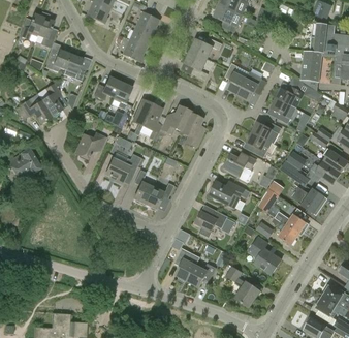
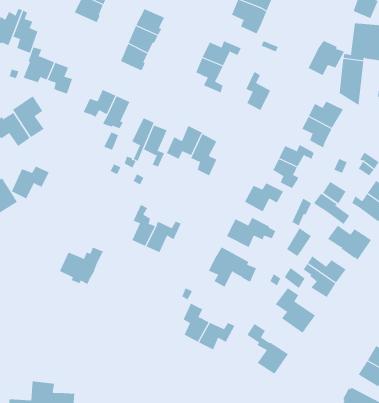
building: [237,71,267,100] -> [308,40,345,76]
building: [75,132,106,159] -> [11,166,50,199]
building: [105,154,141,185] -> [59,247,104,285]

